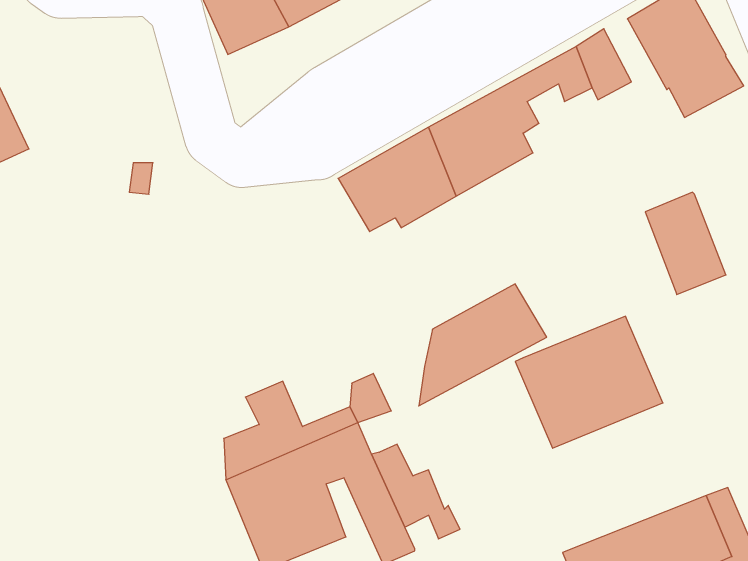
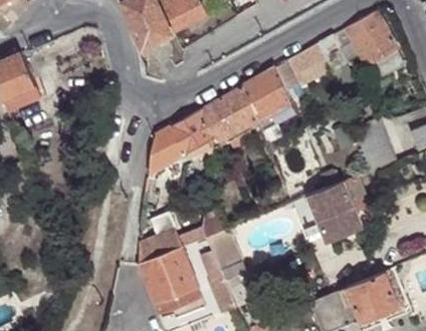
building: [419,284,547,406] -> [149,110,214,173]

